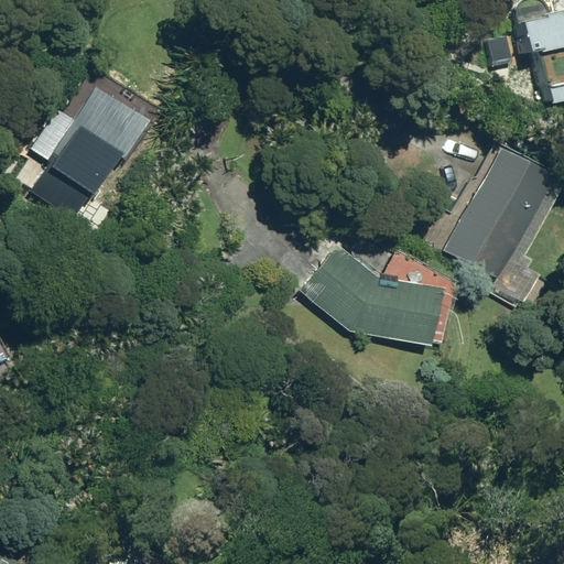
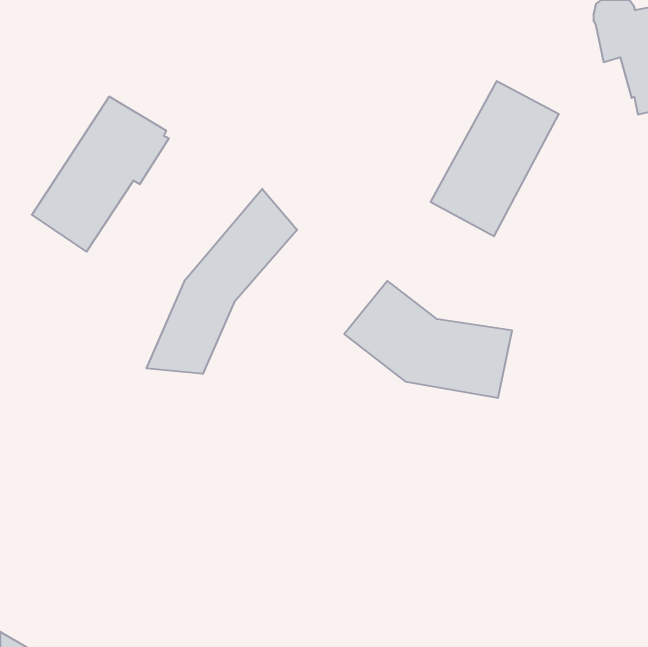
building: [446,145,557,280] -> [431,81,559,236]
building: none -> [146,189,297,374]

